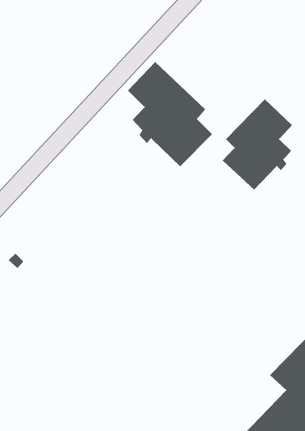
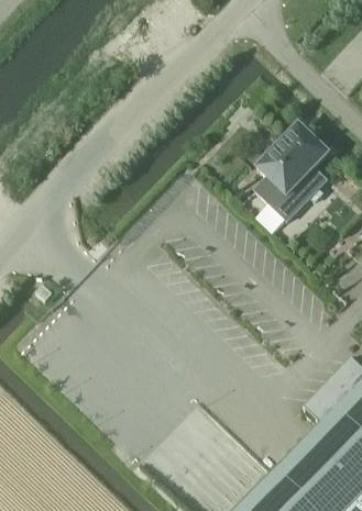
building: [127,61,213,167] -> none

